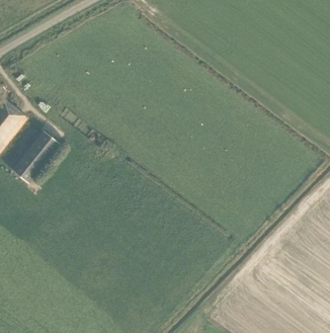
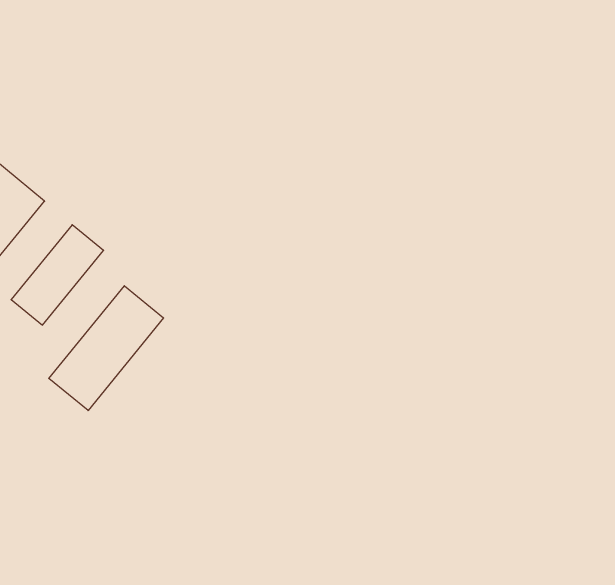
building: none -> [49,286,164,411]

